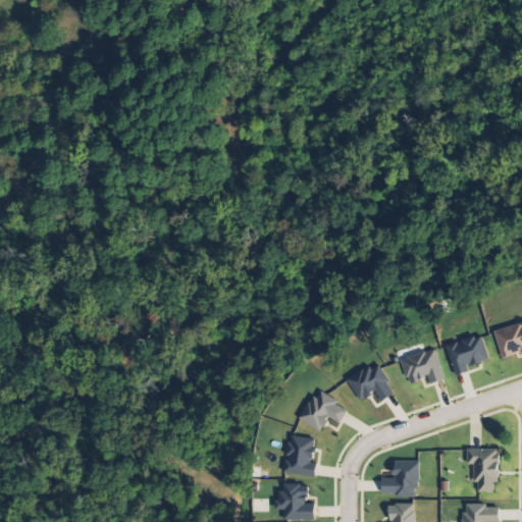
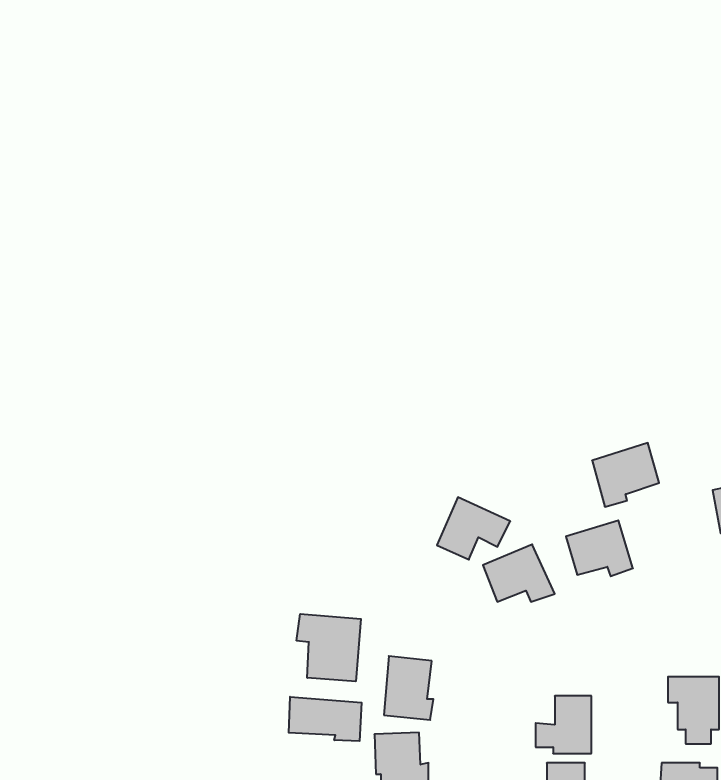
building: [446,334,488,375] -> [592,443,659,507]
building: [301,392,348,431] -> [437,497,510,560]
building: none -> [297,614,361,681]
building: none -> [289,697,362,741]

